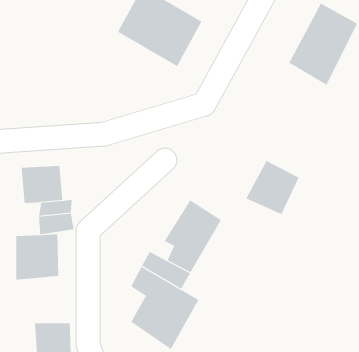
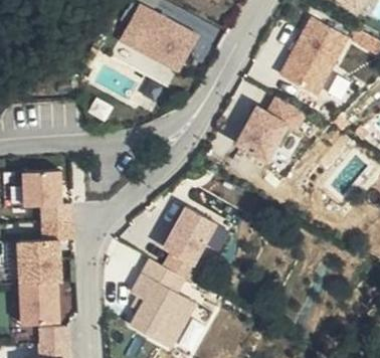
building: [245,160,299,215] -> [235,105,288,158]
building: none -> [18,281,60,327]

